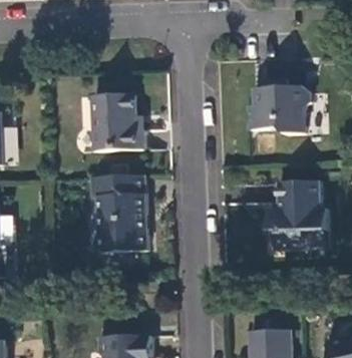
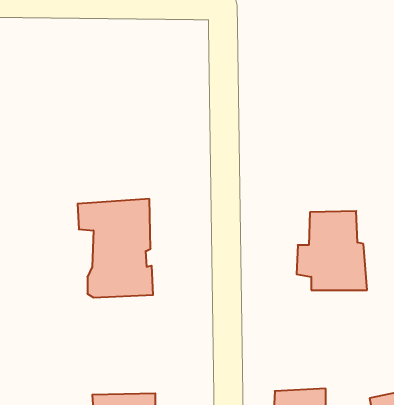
building: [246,90,311,137] -> none
building: [91,99,140,153] -> none

